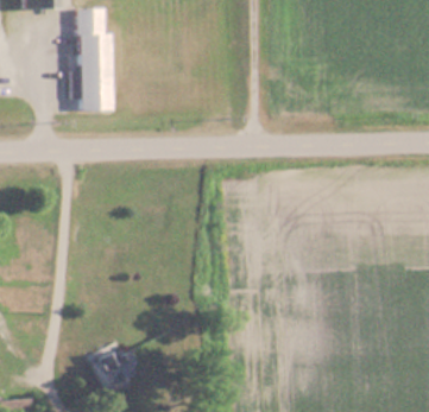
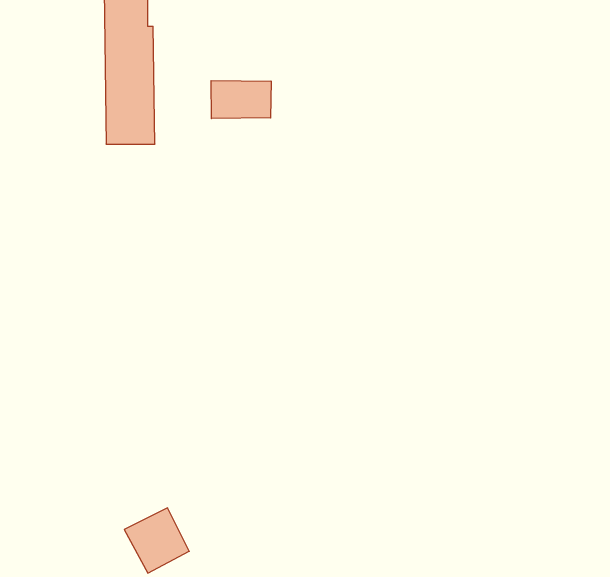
building: none -> [211,81,271,119]

